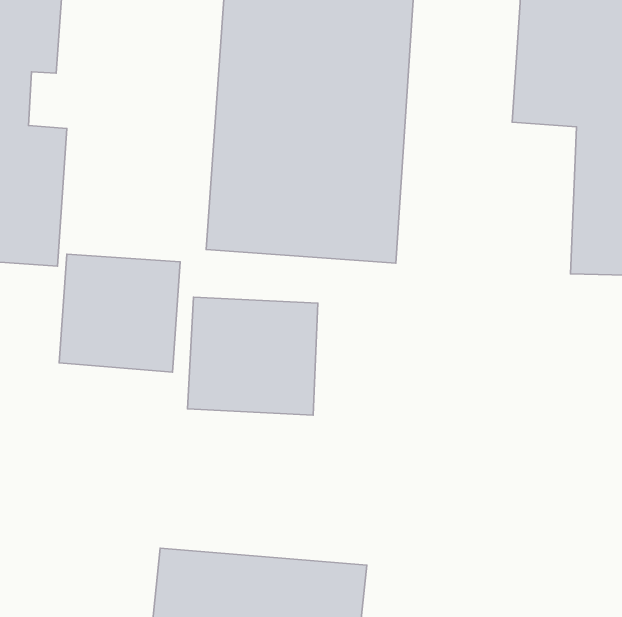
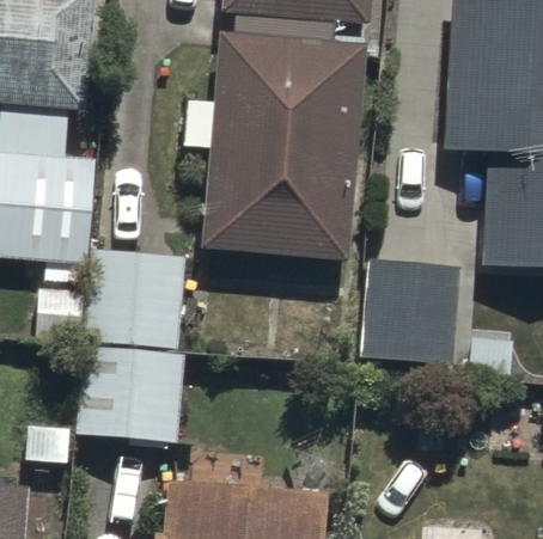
building: none -> [361,261,463,363]
building: [188,297,318,415] -> [79,350,181,442]

